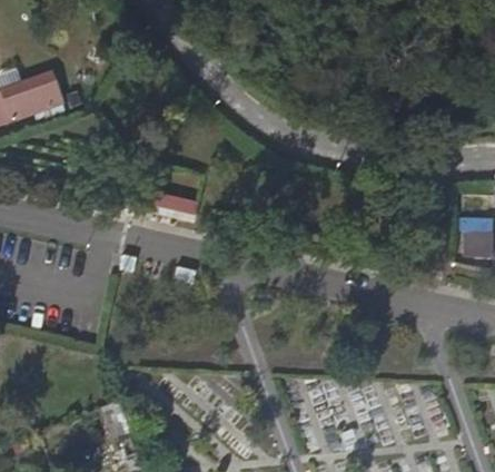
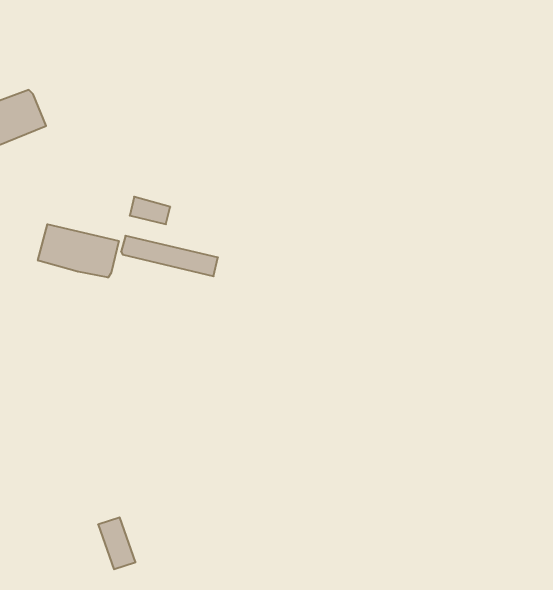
building: none -> [38,224,119,278]

